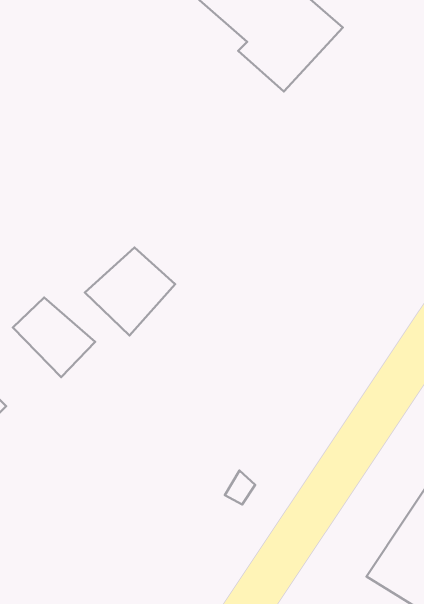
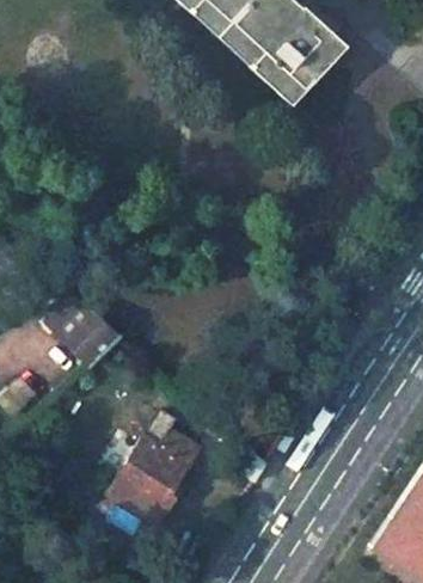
building: [85,247,175,336] -> none
building: none -> [110,409,201,524]

